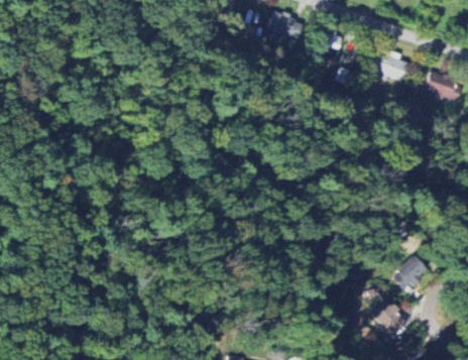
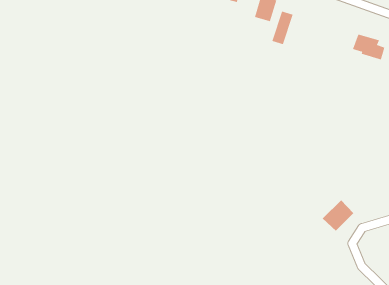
building: [371,52,406,81] -> none
building: [374,299,408,335] -> none

